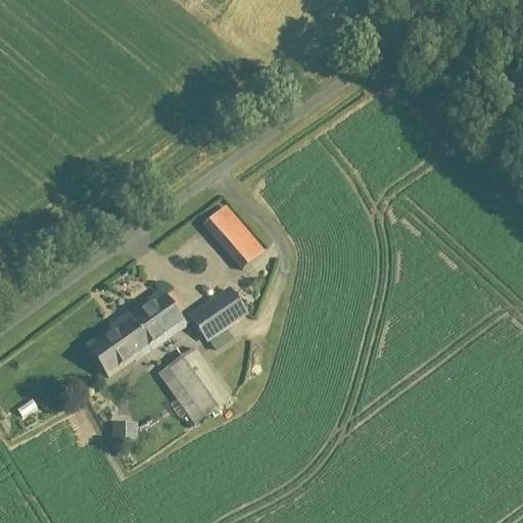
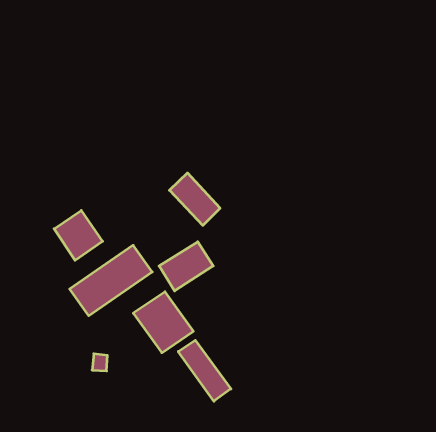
building: none -> [54,210,103,260]
building: none -> [178,340,231,401]

